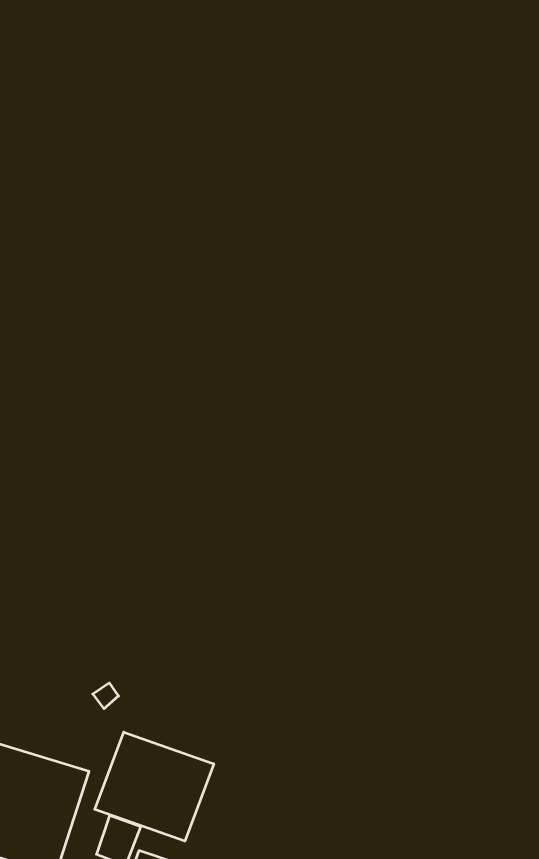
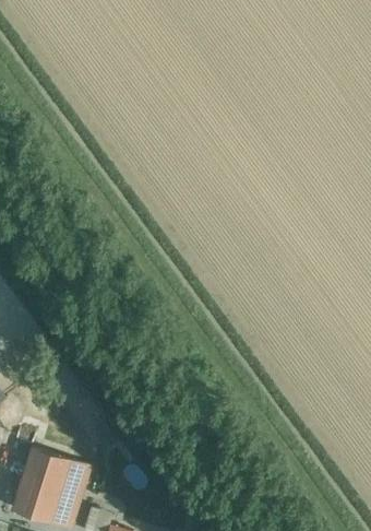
building: [95,732,214,841] -> none

